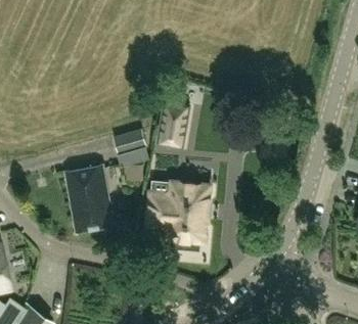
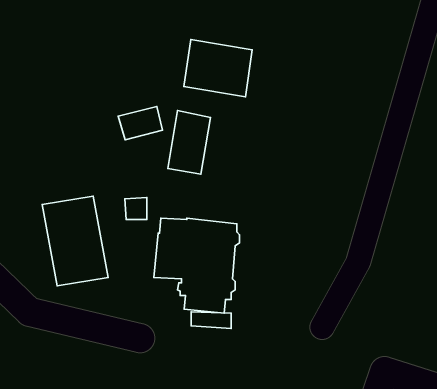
building: none -> [184,40,252,97]
building: [113,130,145,154] -> [118,107,162,140]

